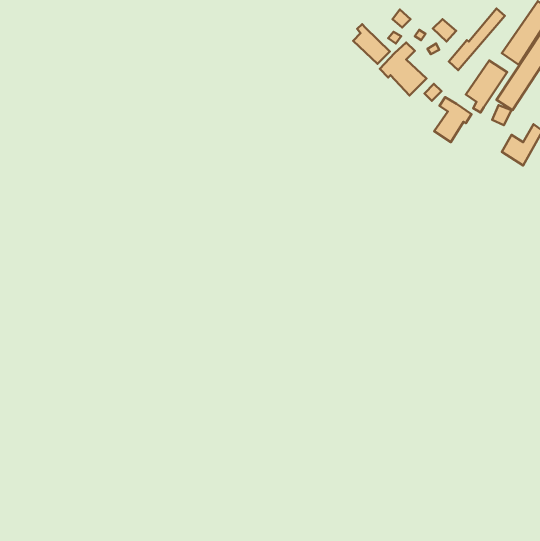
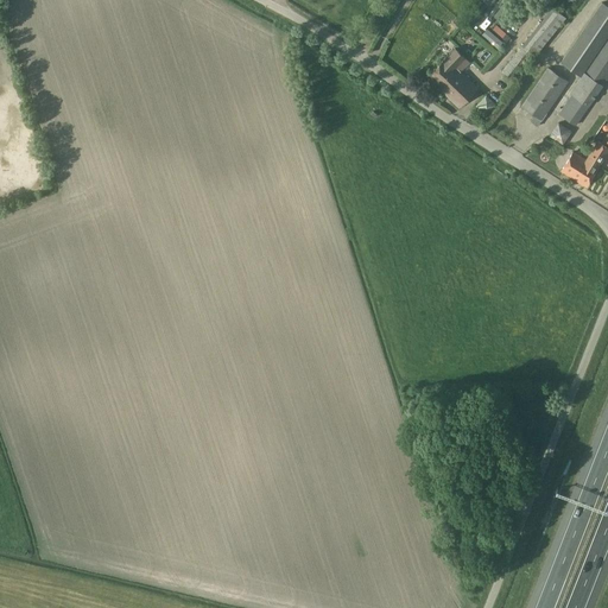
building: [353,24,390,64] -> none
building: [434,97,471,142] -> none

